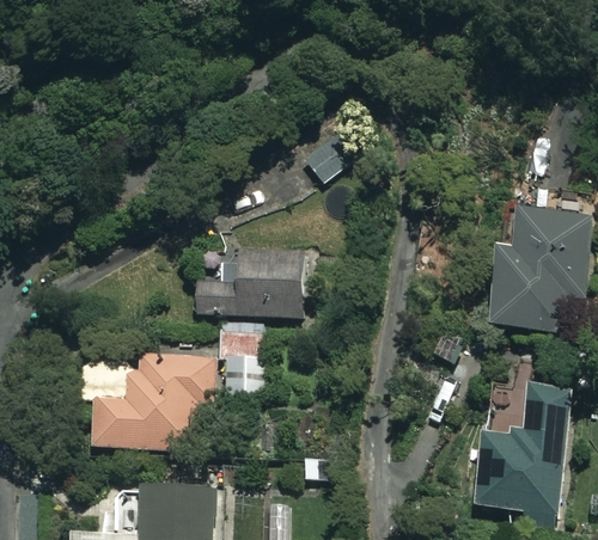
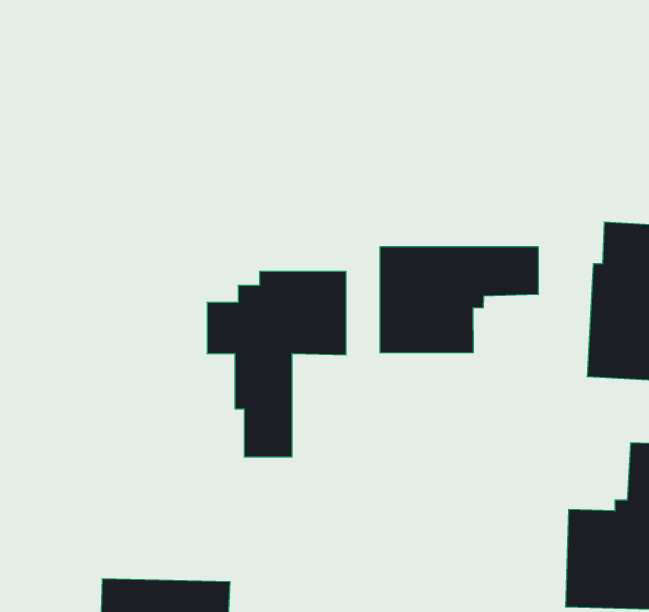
building: none -> [380,247,538,353]
building: [84,345,216,447] -> none

